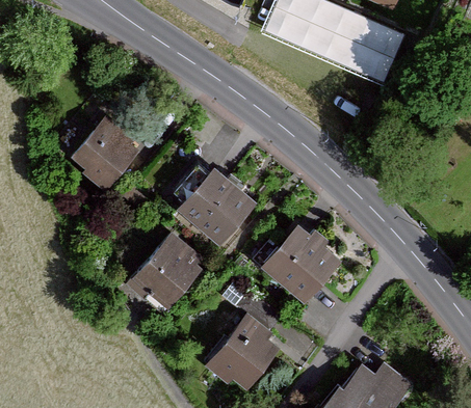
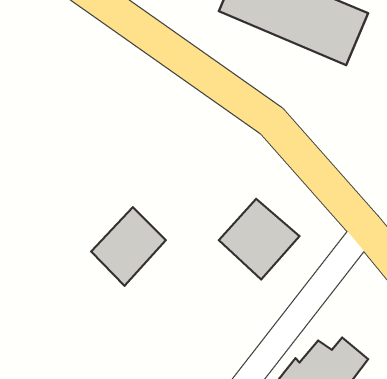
building: [71,120,136,188] -> none
building: [177,164,256,246] -> none
building: [205,316,280,396] -> none

